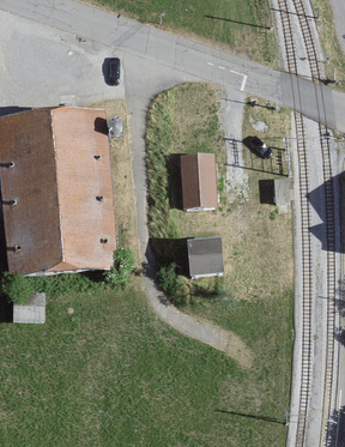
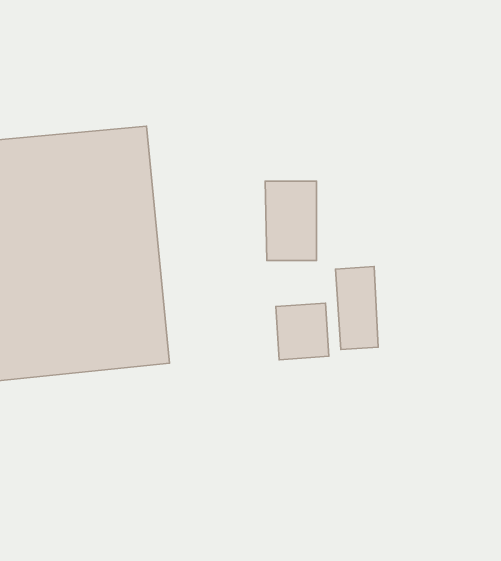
building: none -> [335,267,378,350]

